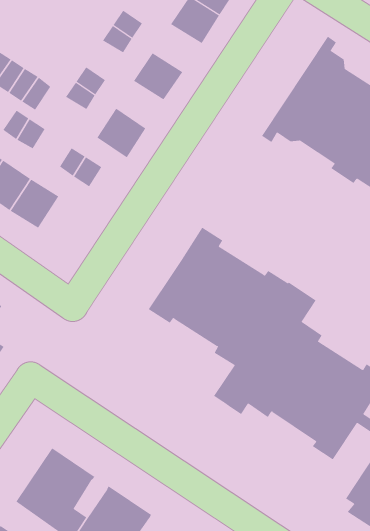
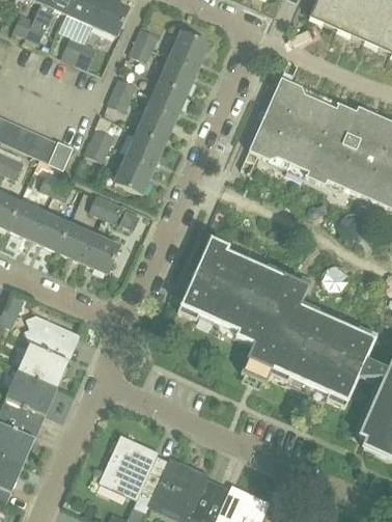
building: none -> [148,82,187,118]
building: none -> [127,132,164,168]
building: none -> [81,233,119,273]

